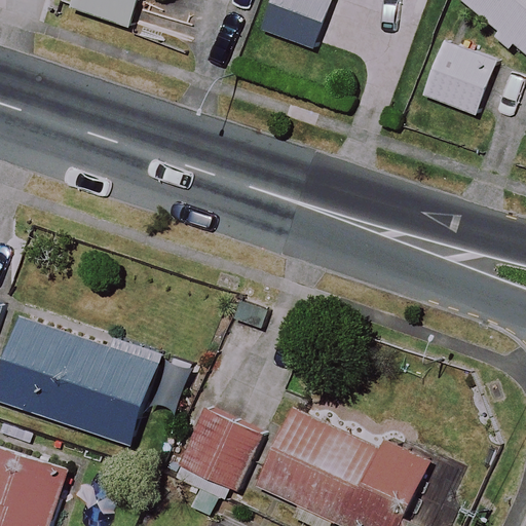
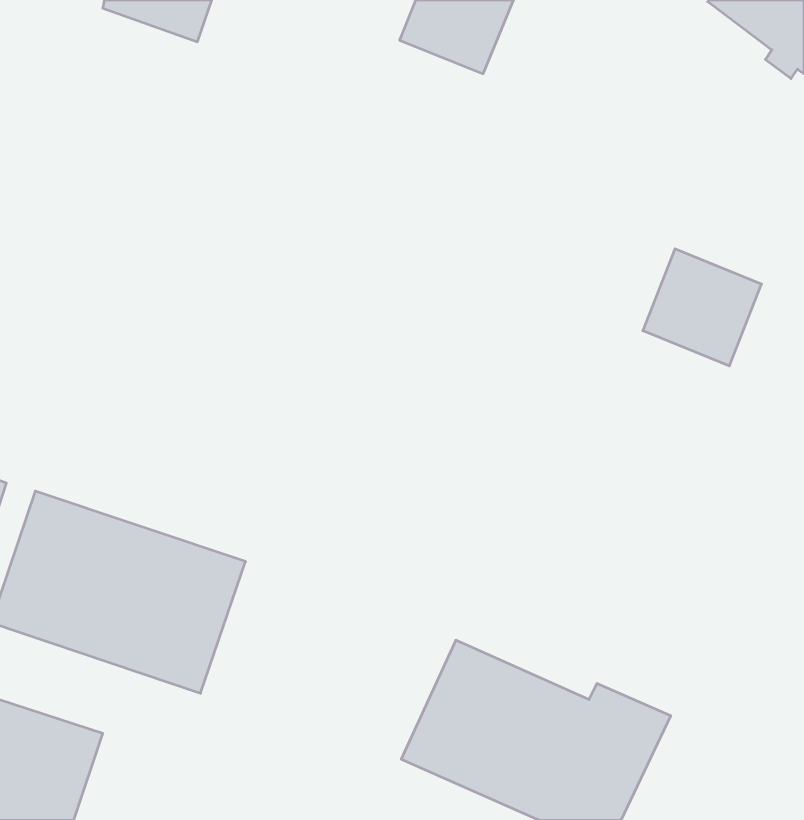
building: [419,41,495,116] -> [643,249,762,366]
building: [179,408,262,491] -> none

